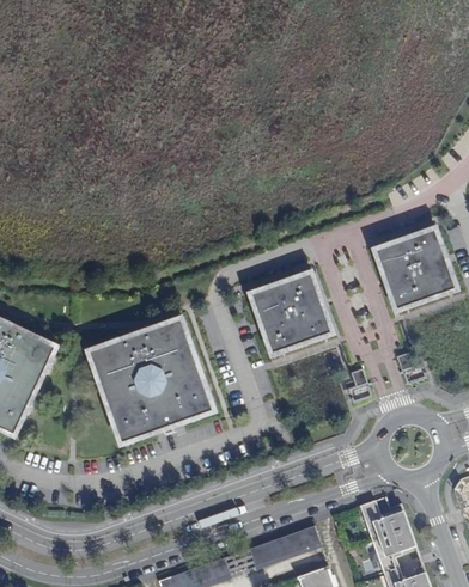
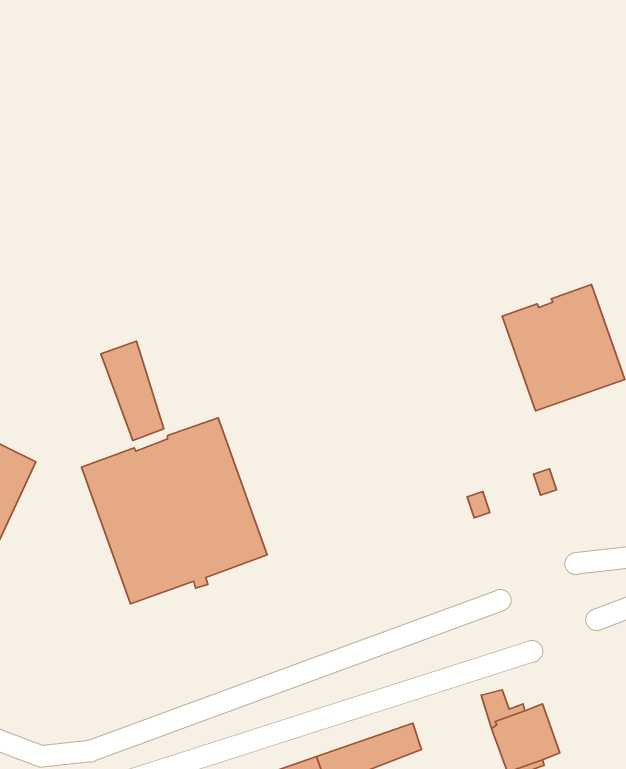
building: none -> [101,341,164,440]
building: [245,269,331,355] -> none

